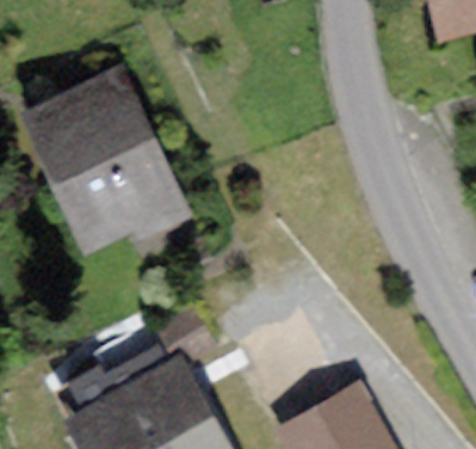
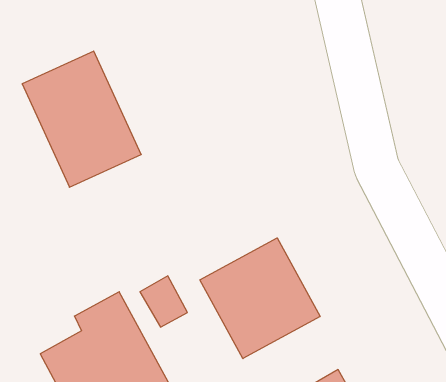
building: none -> [200,238,320,359]

